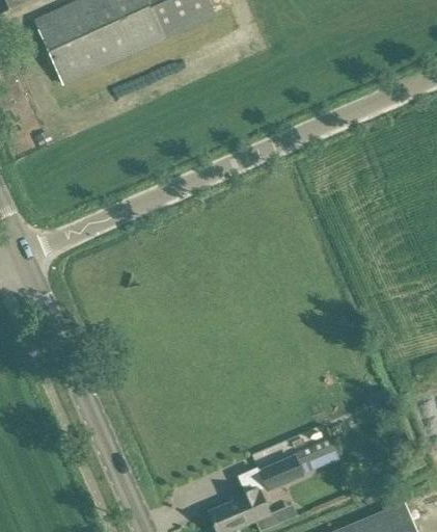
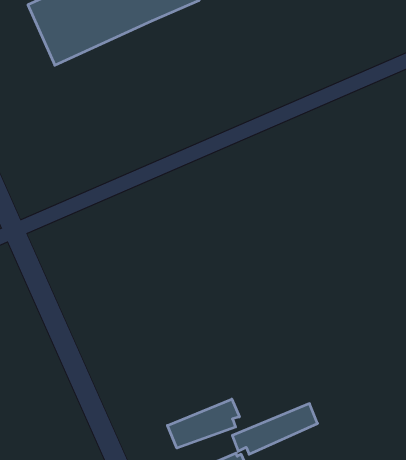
building: none -> [167,399,239,448]

